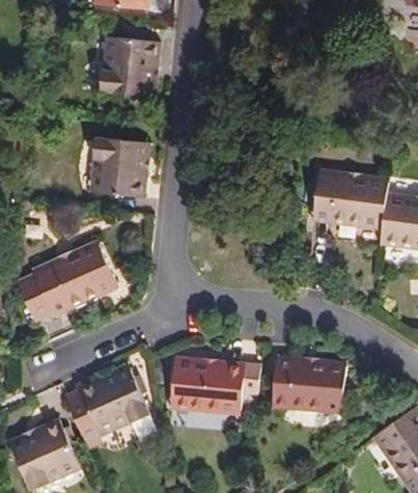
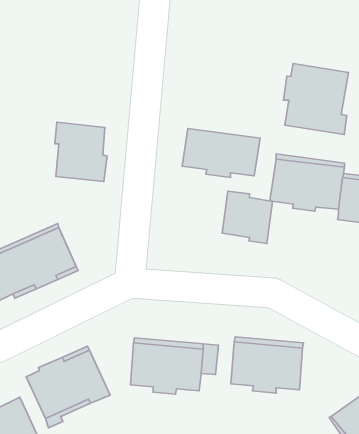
building: [100,37,160,97] -> none
building: none -> [284,63,349,135]
building: none -> [182,129,260,178]
building: none -> [222,191,273,244]

